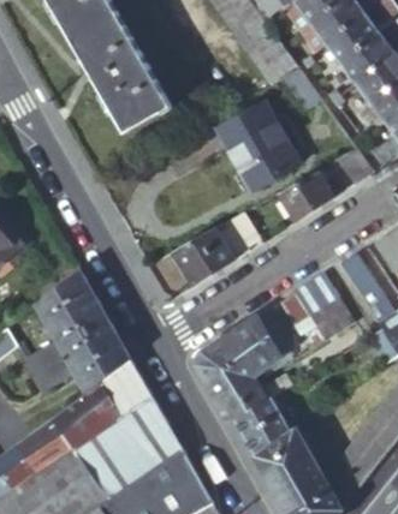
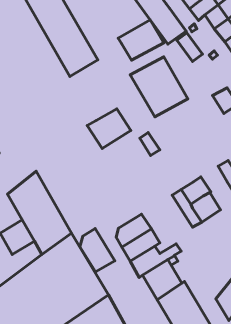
building: none -> [118,20,164,60]
building: [278,173,332,221] -> none
building: [171,228,234,286] -> [87,109,131,148]
building: [232,307,297,373] -> none
building: none -> [80,228,115,272]

